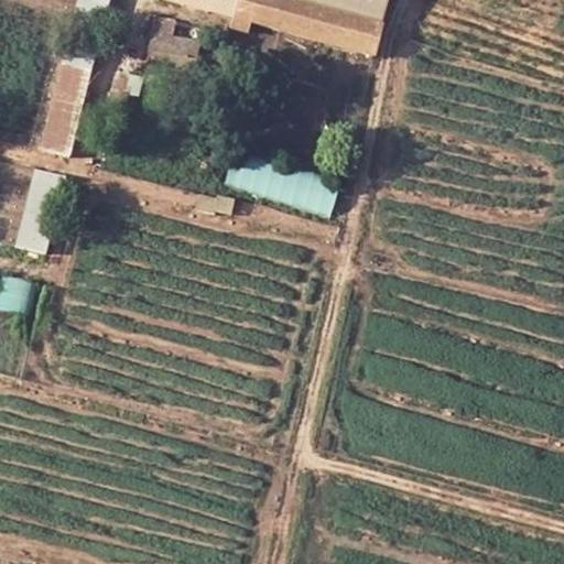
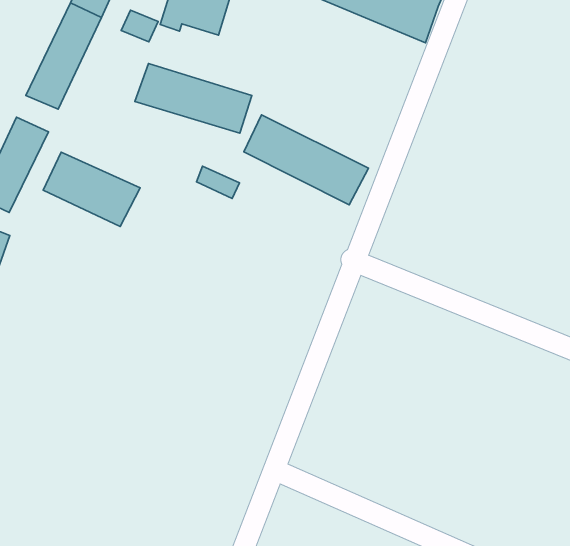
building: none -> [135,63,252,133]
building: none -> [43,152,140,226]

